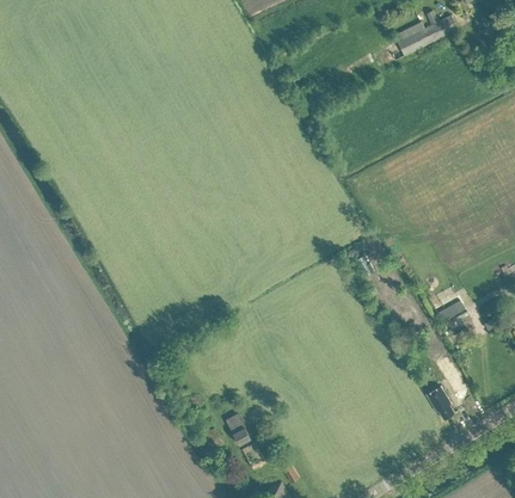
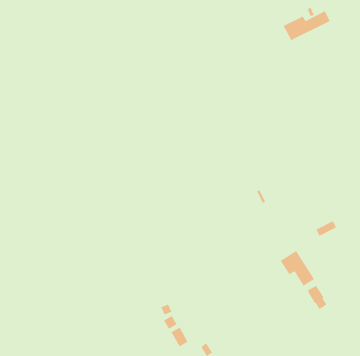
building: none -> [280,250,315,287]

